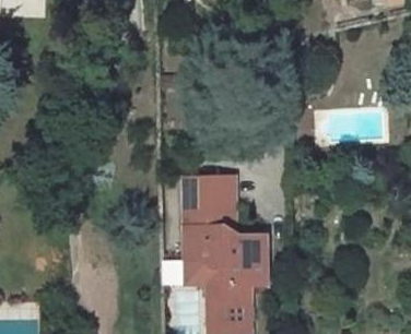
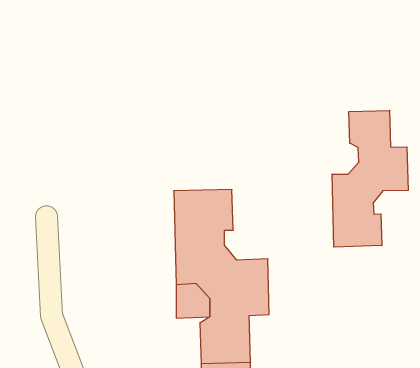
building: none -> [332,110,408,247]

